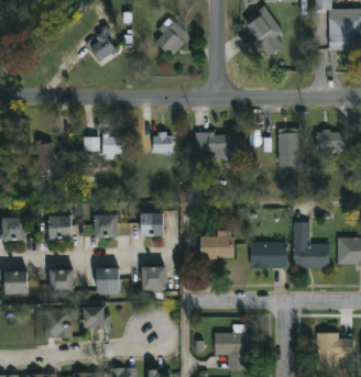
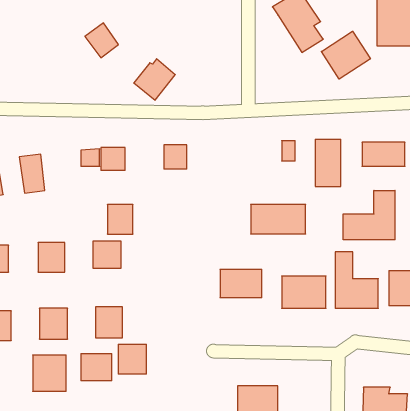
building: [153,23,187,57] -> [134,59,175,100]
building: none -> [321,31,370,79]
building: [196,135,241,159] -> [251,204,306,234]
building: none -> [343,190,395,240]
building: [142,211,163,235] -> [107,205,133,234]
building: [143,266,166,290] -> [118,344,146,374]

